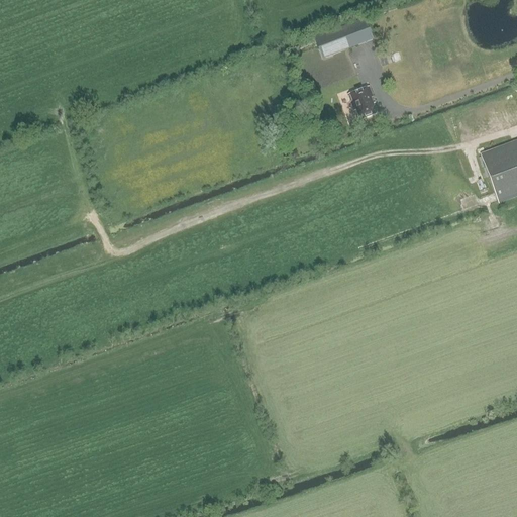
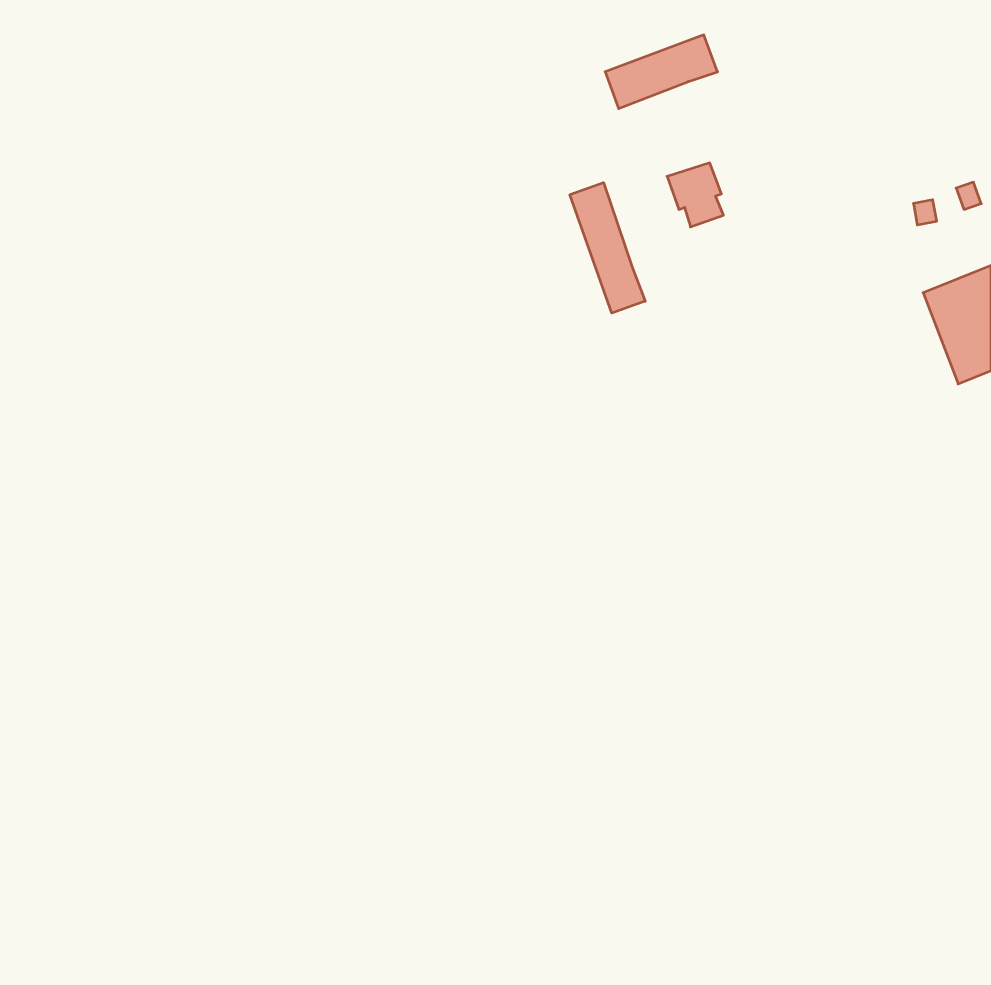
building: none -> [570,183,645,313]

